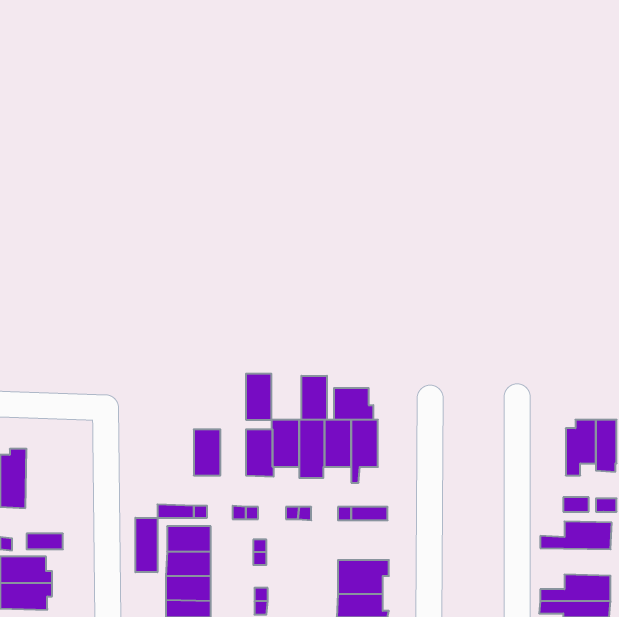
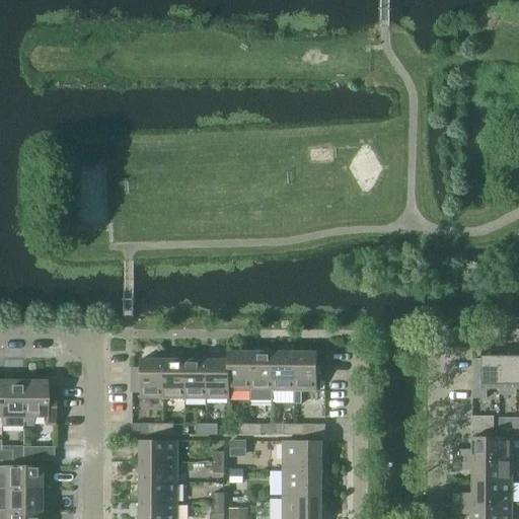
building: [246,374,271,420] -> [184,360,206,398]
building: [301,376,327,420] -> none
building: [334,388,373,420] -> none
building: none -> [132,360,162,398]
building: none -> [21,376,53,426]
building: [135,518,157,572] -> none
building: none -> [283,441,325,469]
building: none -> [452,459,511,483]

